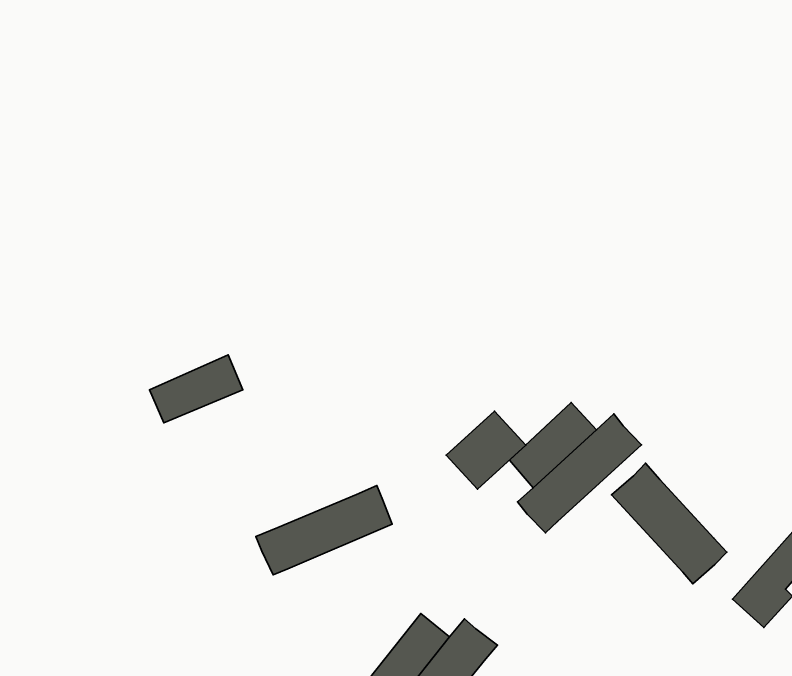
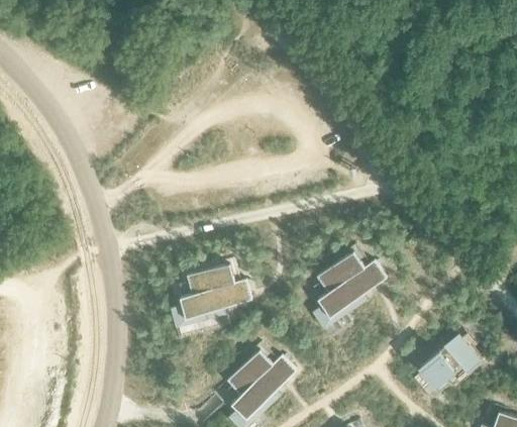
building: [149,355,243,423] -> [186,265,234,296]
building: [446,411,526,489] -> none
building: [611,463,727,584] -> none

